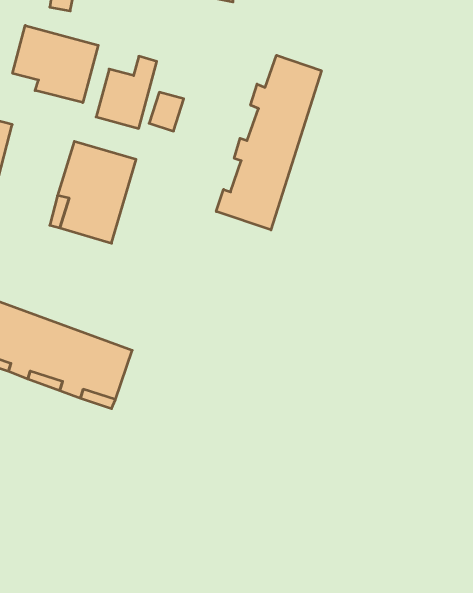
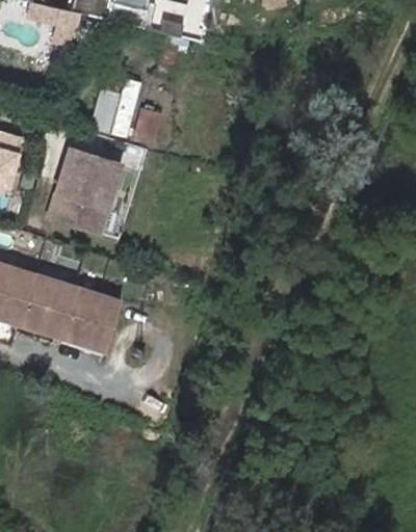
building: [13,25,98,103] -> none
building: [216,55,321,230] -> none

